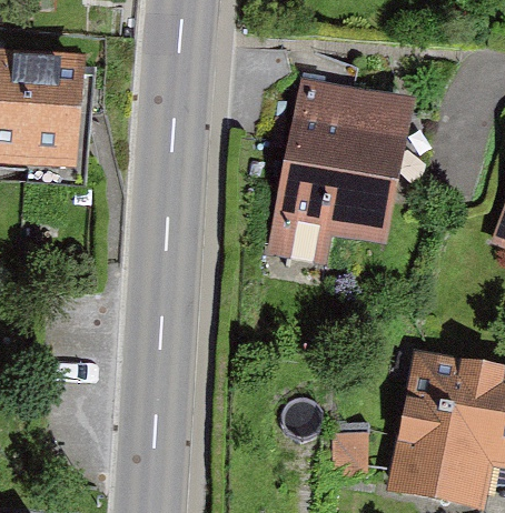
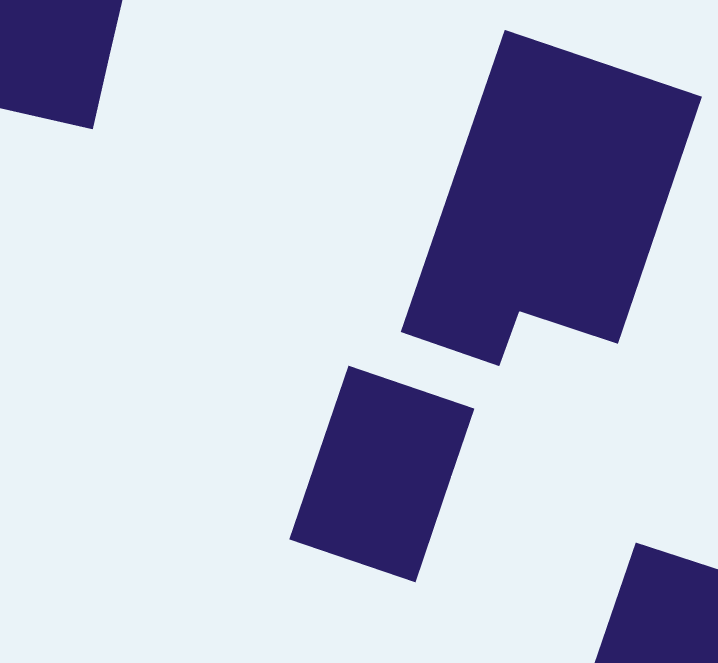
building: none -> [289,365,475,583]

